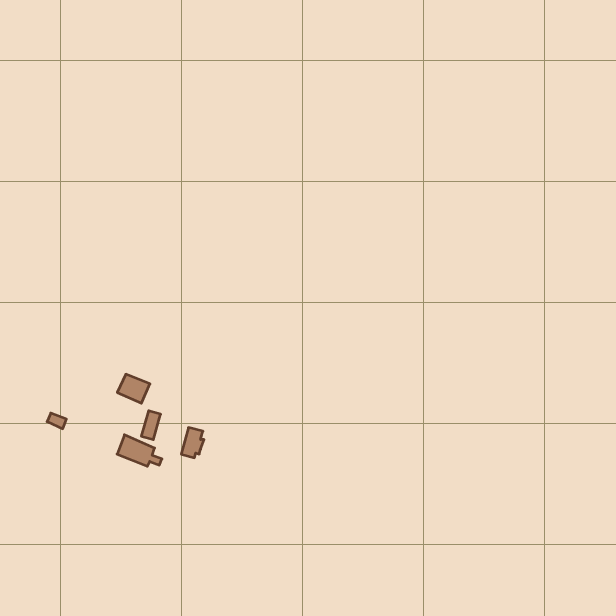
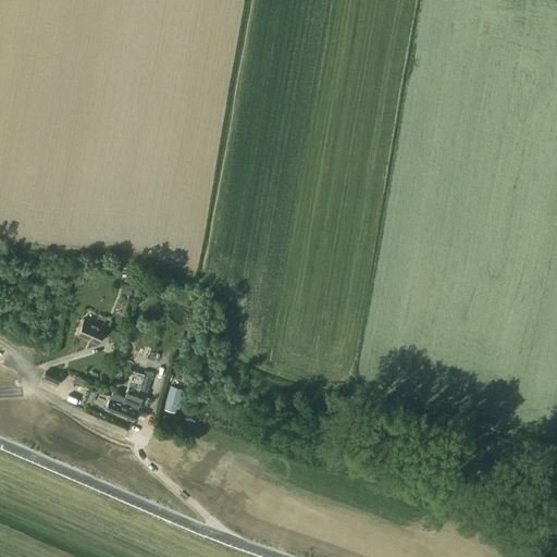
building: [117,374,150,403] -> [77,319,107,345]

